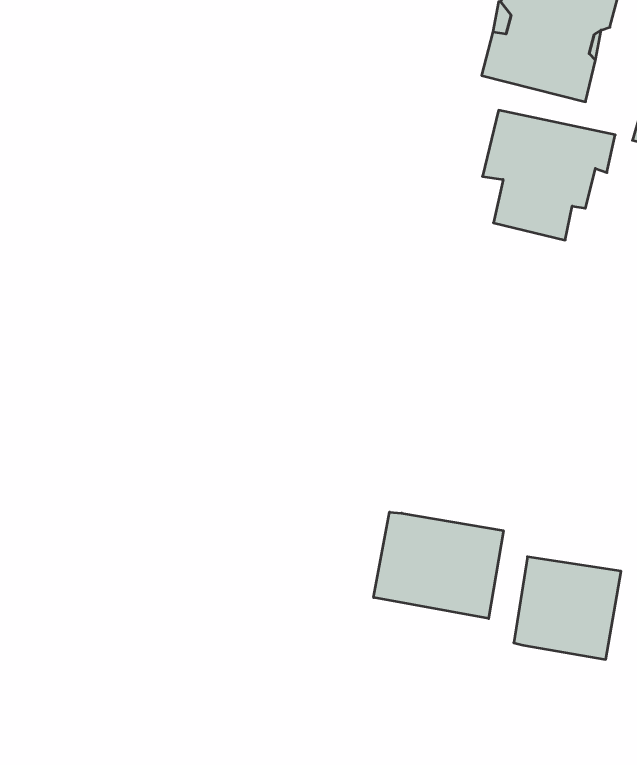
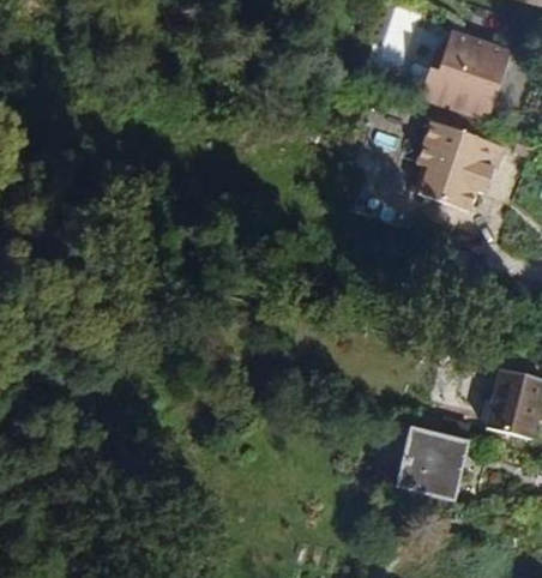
building: [374,512,503,619] -> none

